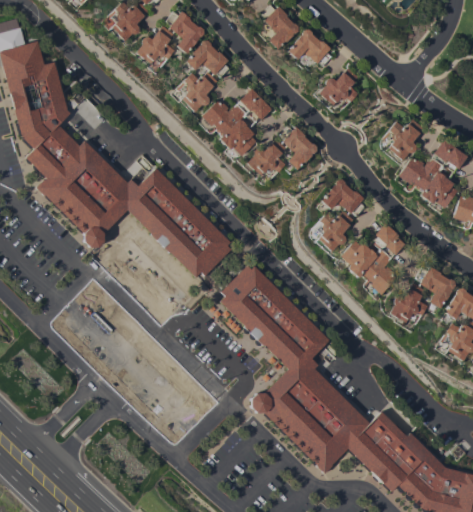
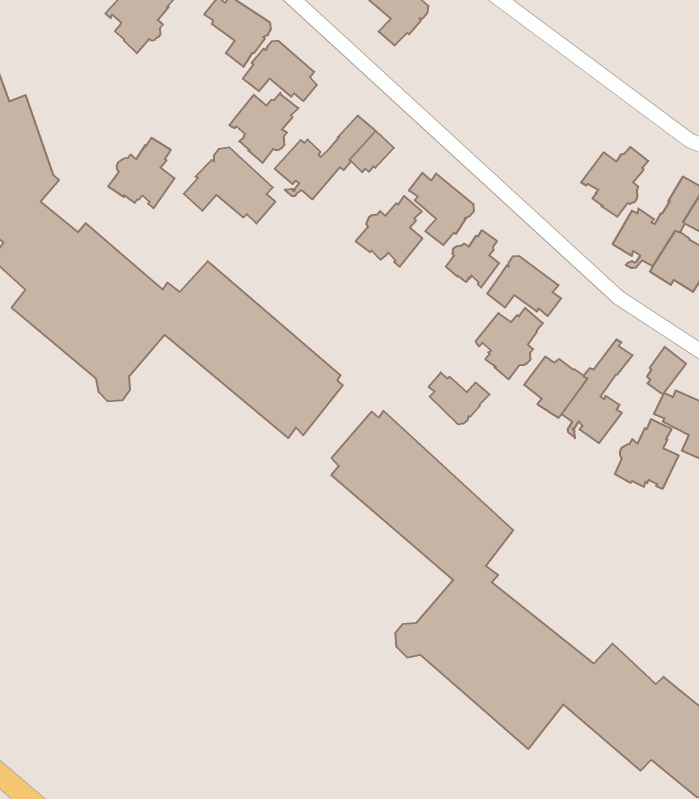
building: [135,25,175,67] -> [108,138,175,208]
building: [288,29,333,65] -> none
building: [319,67,359,109] -> none
building: none -> [184,147,275,224]
building: [219,118,257,156] -> none
building: none -> [446,230,499,288]
building: [373,222,397,250] -> [647,347,686,394]
building: none -> [429,372,490,424]

